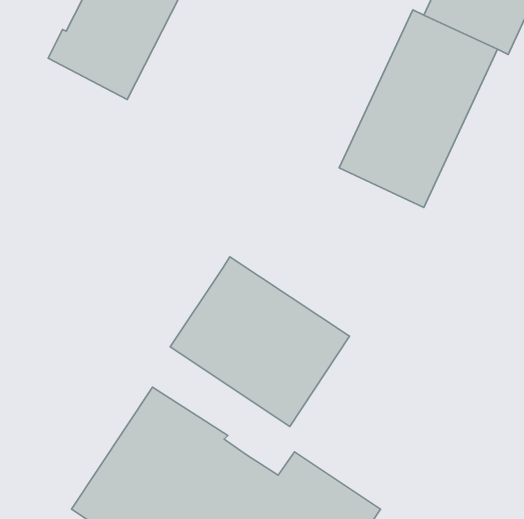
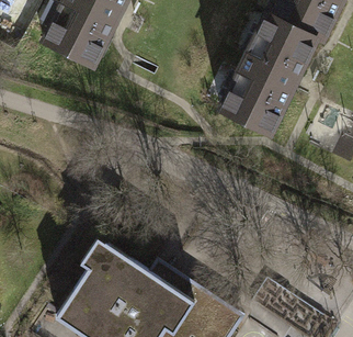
building: [170,257,350,426] -> none

